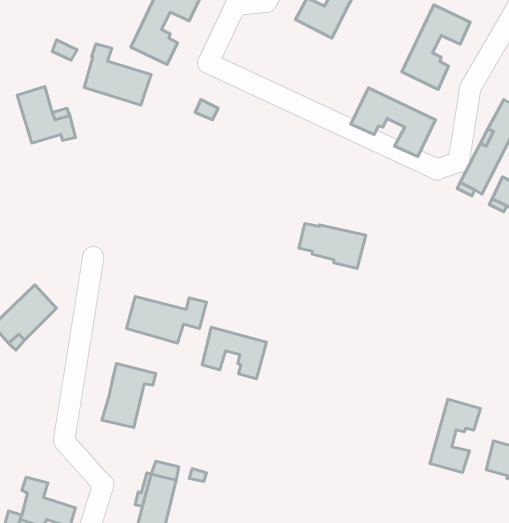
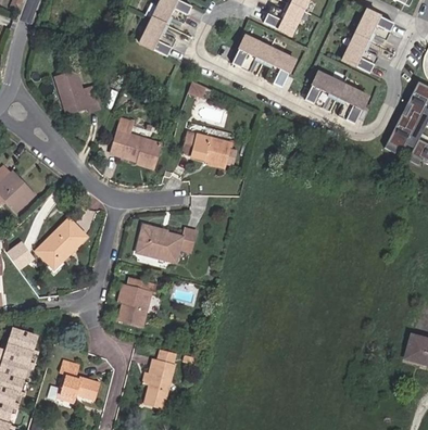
building: none -> [231,35,294,87]
building: [84,44,151,105] -> [111,121,161,166]
building: [299,223,366,269] -> [181,134,231,167]
building: [202,327,266,379] -> none
building: [430,399,481,472] -> none

